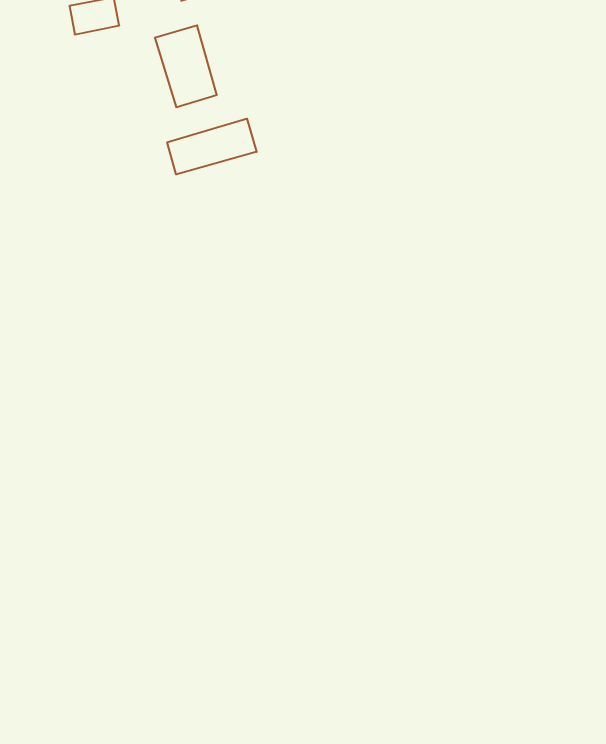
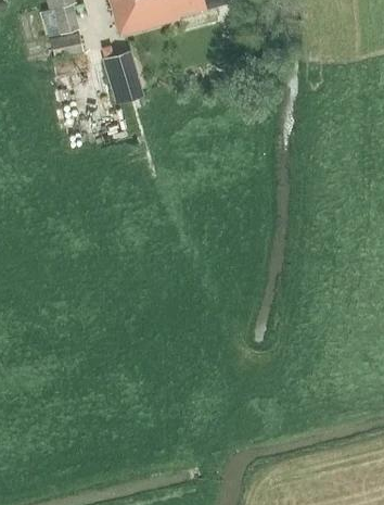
building: [167,119,257,174] -> none

